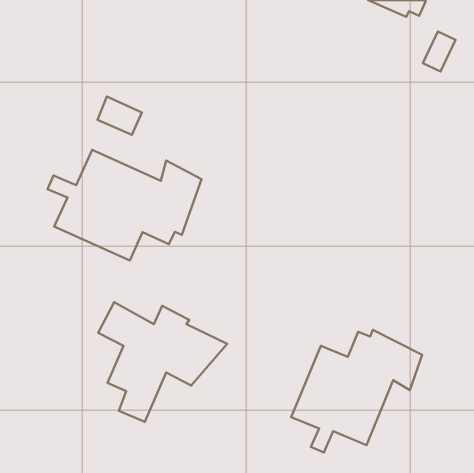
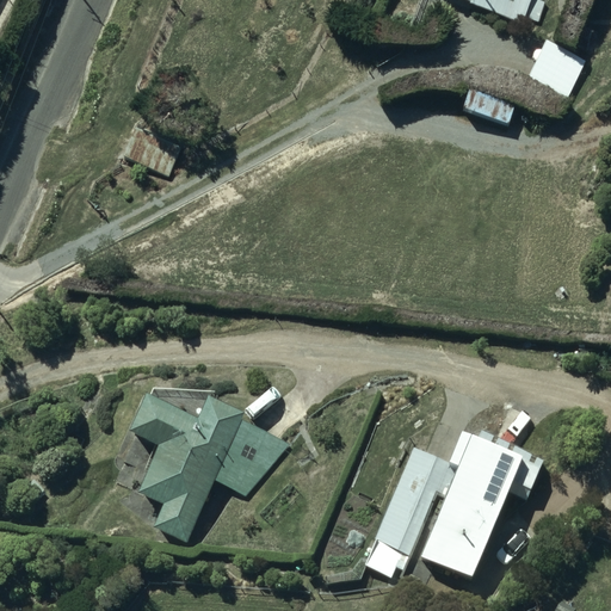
building: [47,150,202,261] -> none

